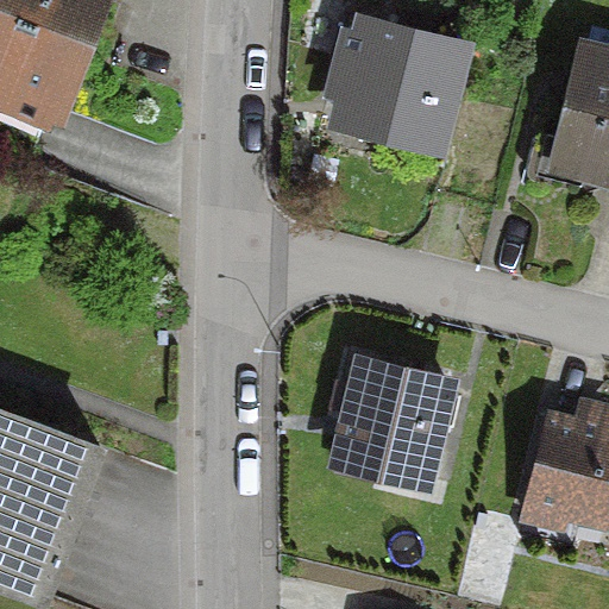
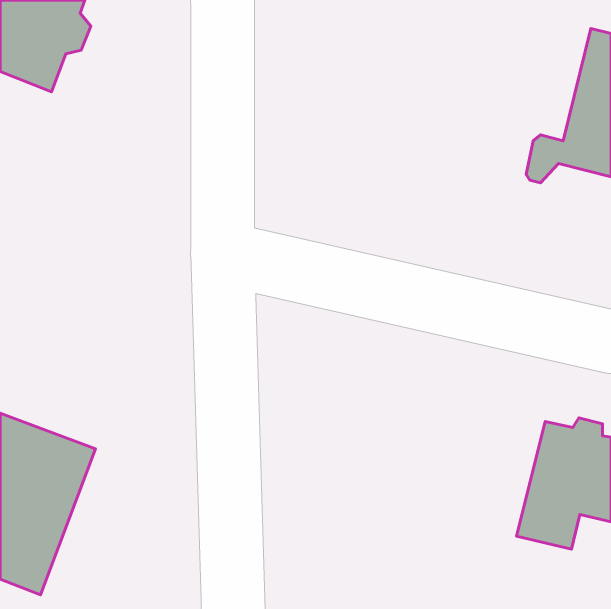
building: [326,23,457,146] -> none
building: [329,365,444,479] -> none

